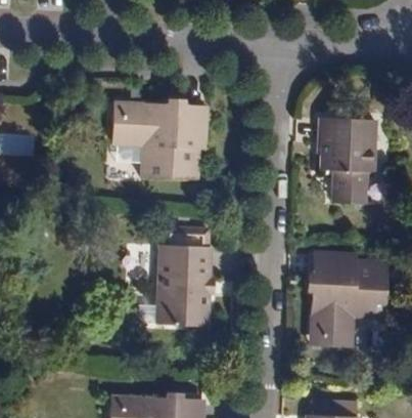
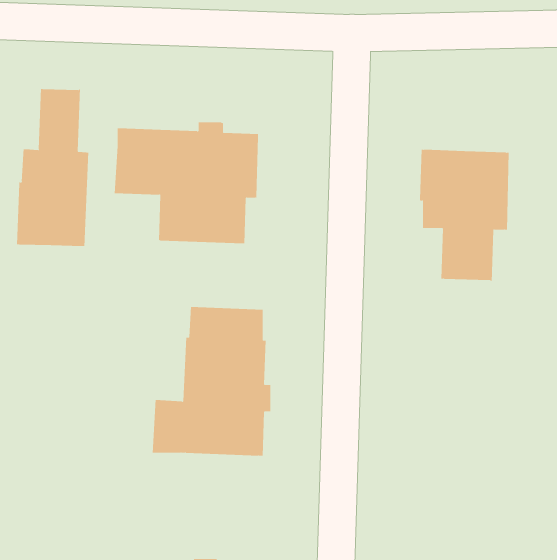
building: none -> [17,88,89,247]
building: [306,253,390,351] -> none

